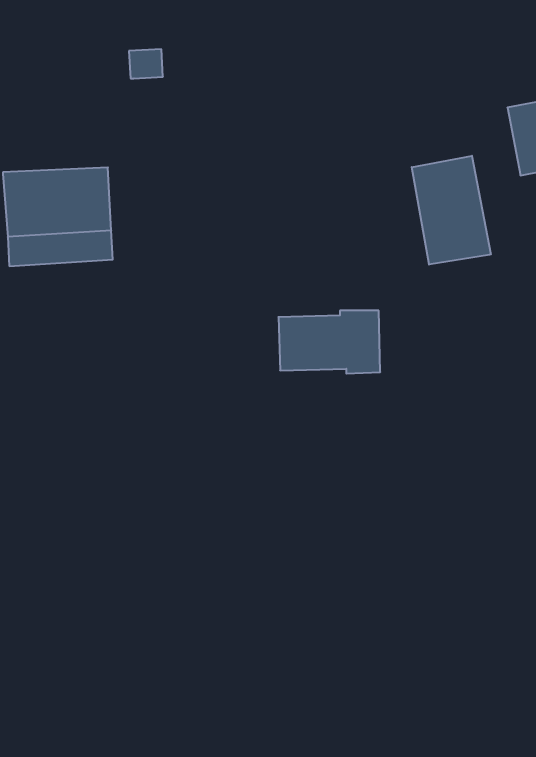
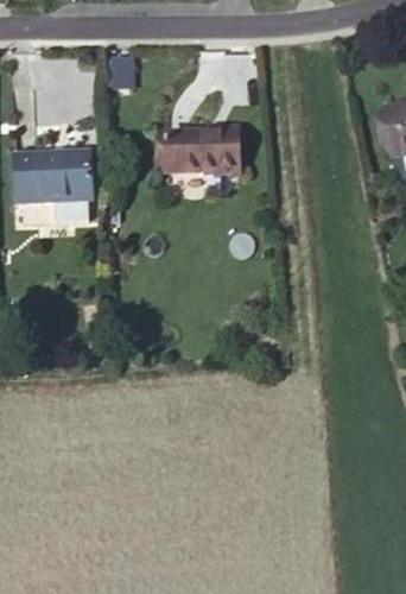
building: [412,156,491,265] -> none
building: [278,311,380,374] -> [164,126,239,172]

